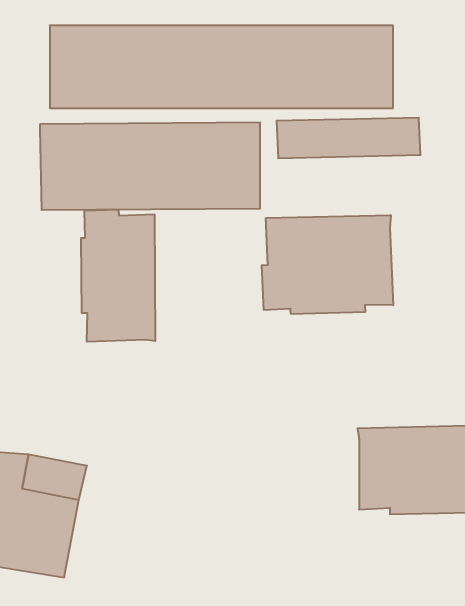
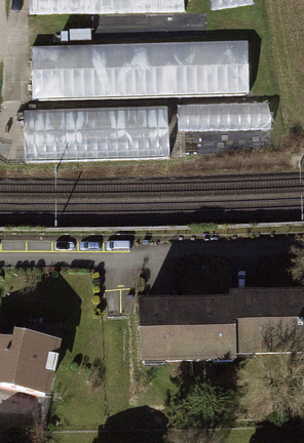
building: [81,209,155,342] -> none
building: [262,215,393,314] -> none
building: none -> [140,306,232,362]

